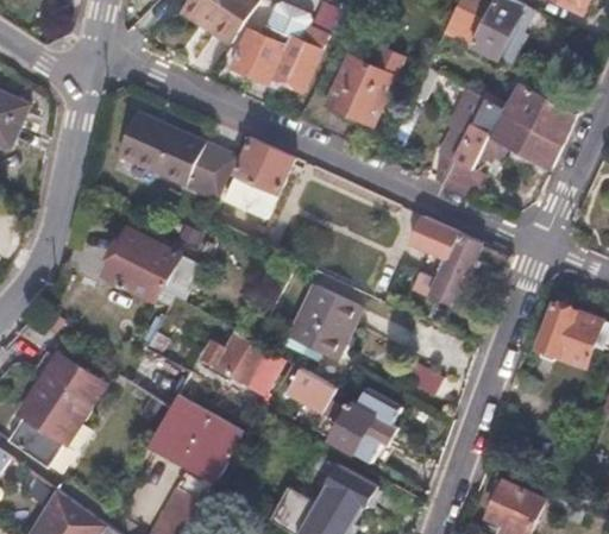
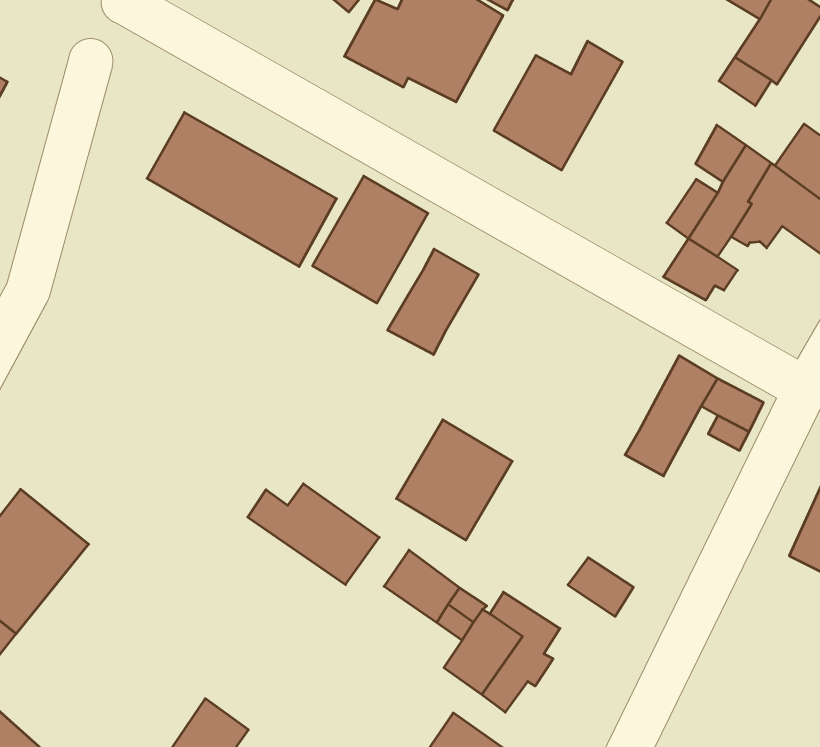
building: none -> [388,249,478,355]
building: [407,216,454,260] -> none
building: [106,231,180,297] -> none
building: [150,396,241,478] -> none

